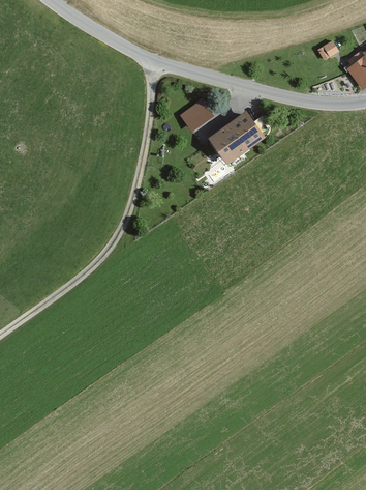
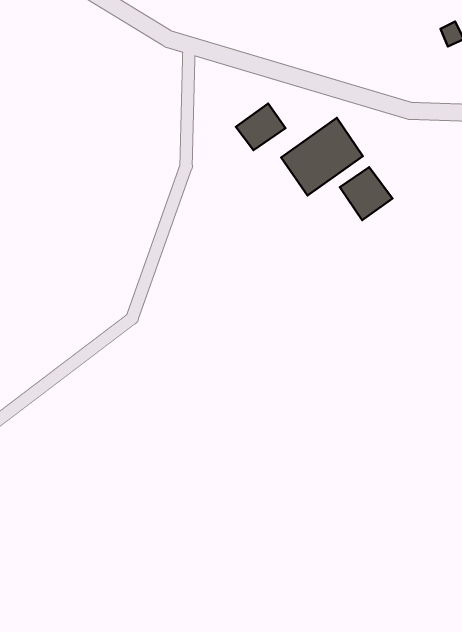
building: none -> [340,167,393,220]

